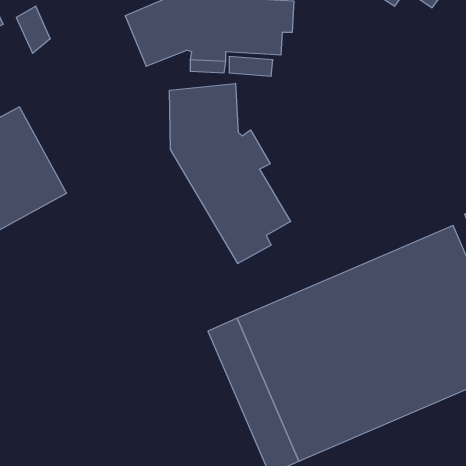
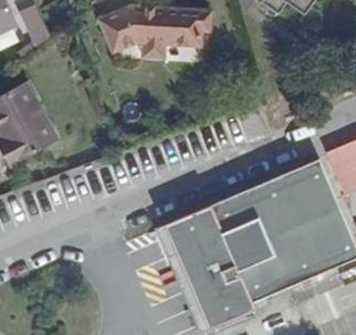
building: [169,83,291,264] -> none

